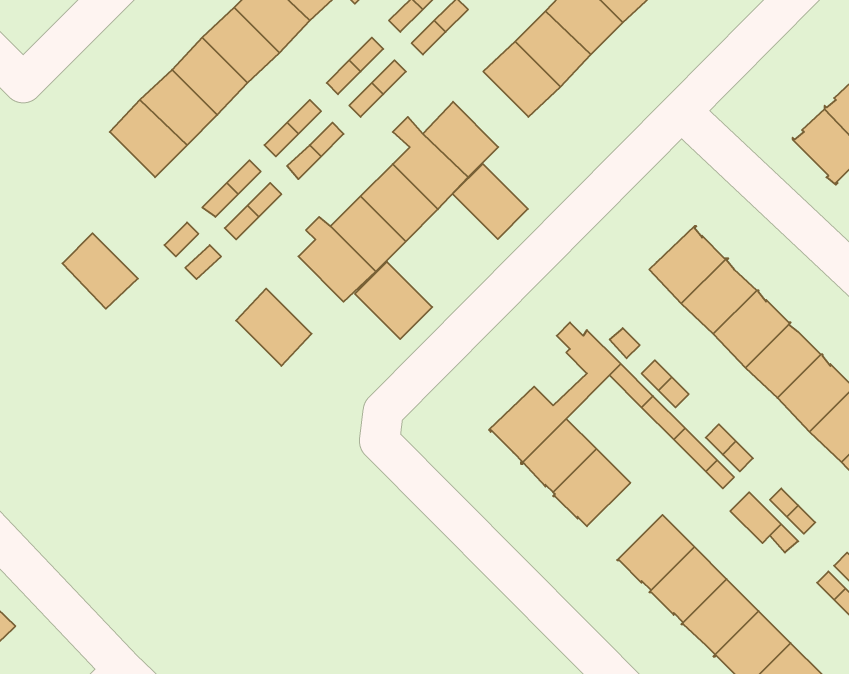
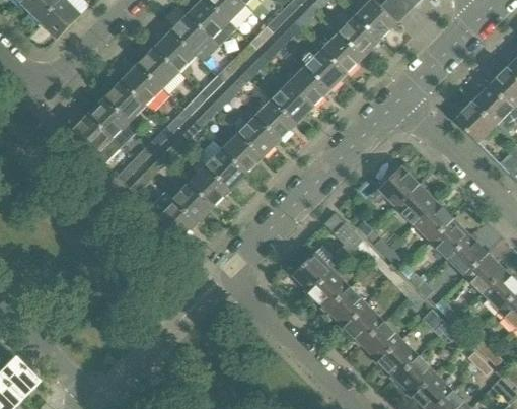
building: [452,164,528,239] -> [272,82,312,123]
building: [62,233,138,309] -> [71,115,112,155]
building: [355,262,432,339] -> [171,182,213,223]
building: none -> [343,303,384,344]

